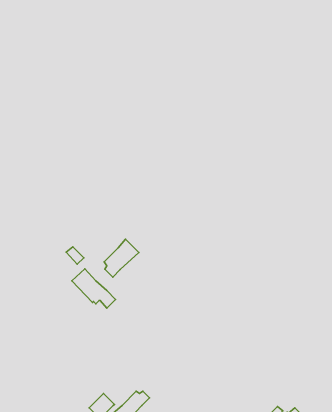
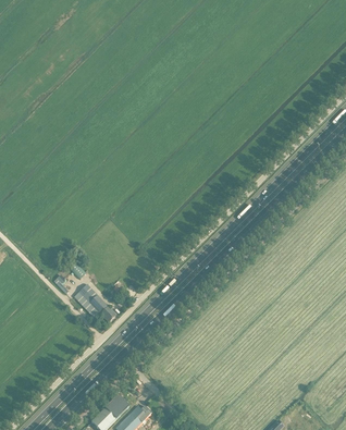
building: [104,239,139,277] -> none

